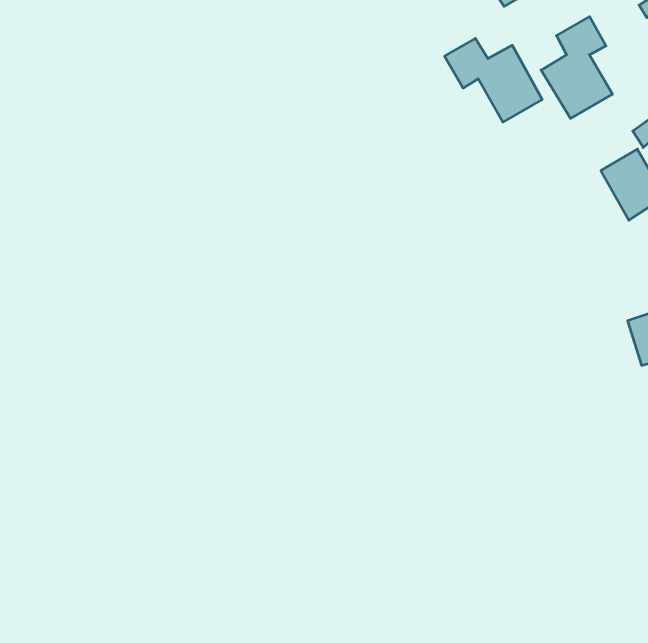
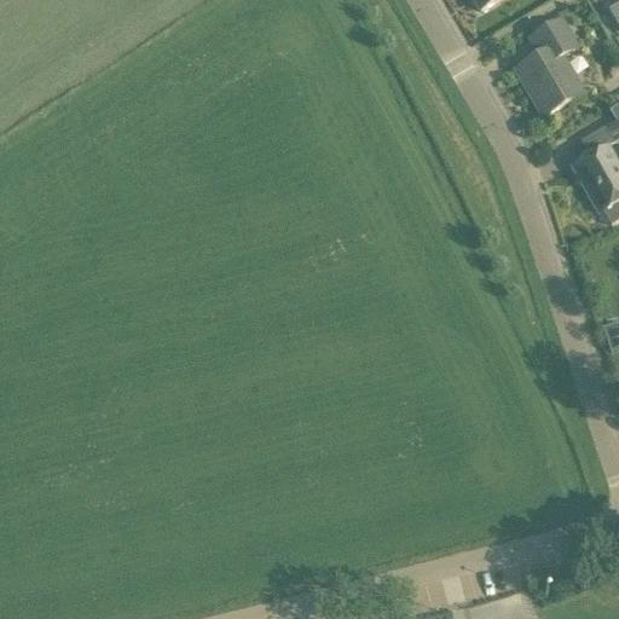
building: [445,38,542,122] -> none

